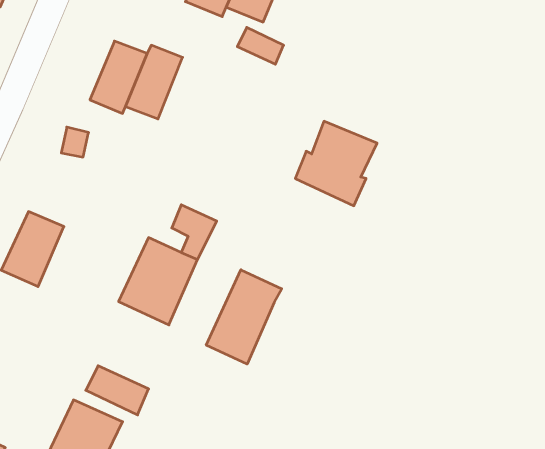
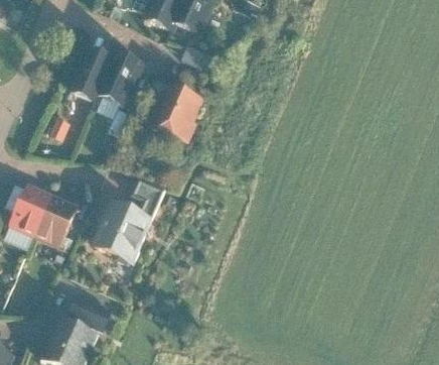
building: [295,121,377,206] -> [144,84,204,146]
building: none -> [32,190,79,245]
building: [206,270,282,364] -> none

